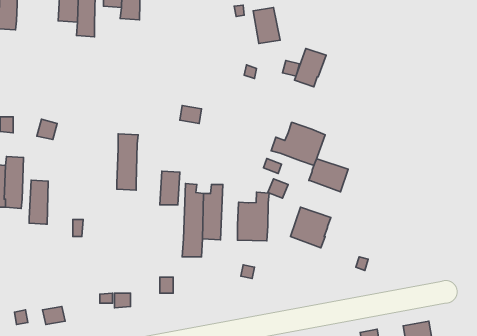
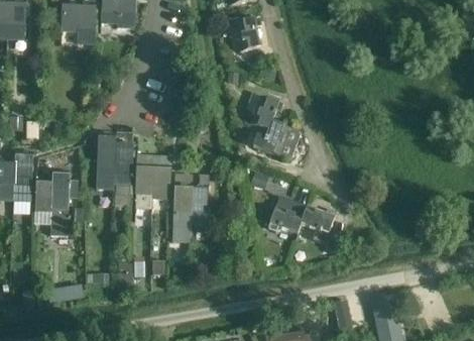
building: [295,49,326,87] -> [250,97,278,131]
building: none -> [98,131,115,188]
building: [309,159,348,192] -> [300,205,335,234]
building: none -> [135,164,154,210]
building: none -> [50,175,70,236]
building: [237,192,269,241] -> none

